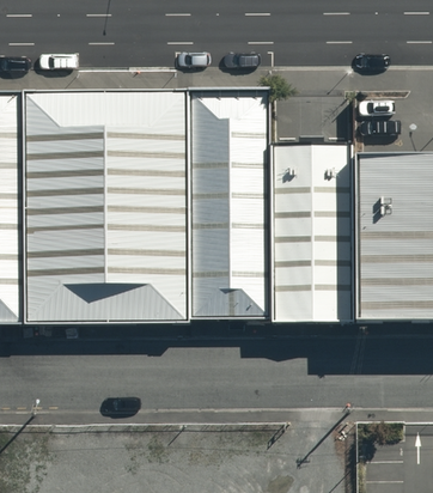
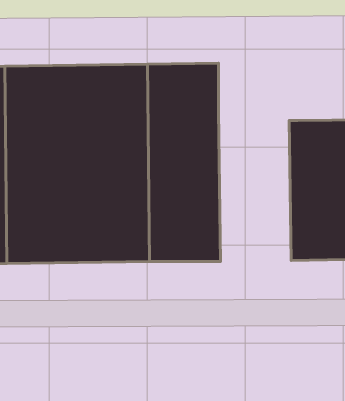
building: [272,145,356,321] -> none

